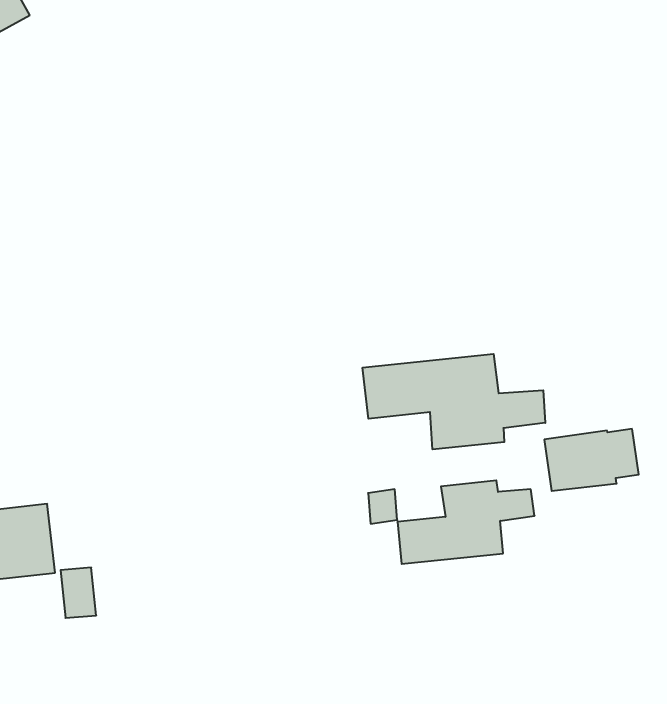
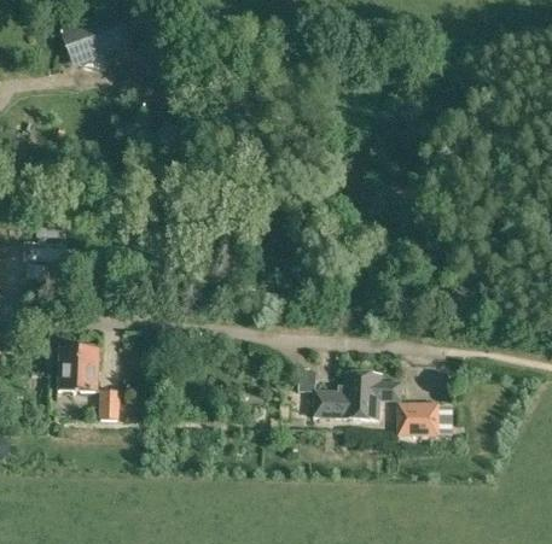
building: [363,354,545,449] -> none
building: [544,429,639,491] -> [397,403,453,437]

